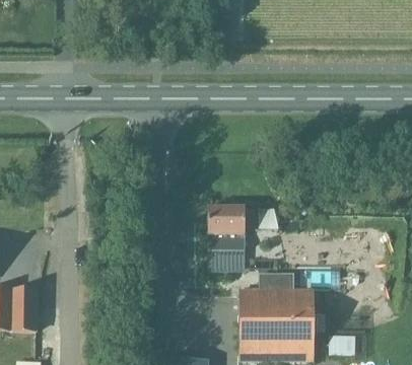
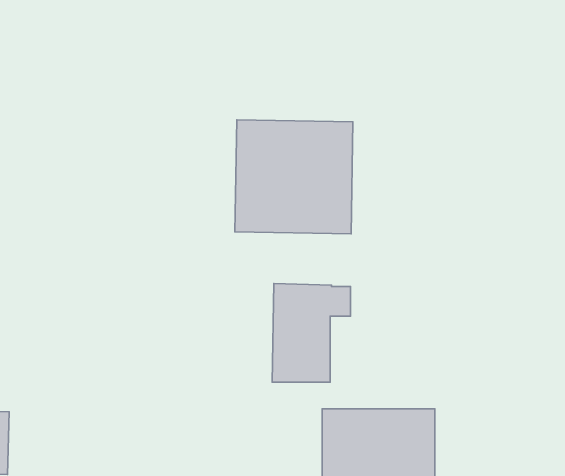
building: none -> [235,120,353,234]

